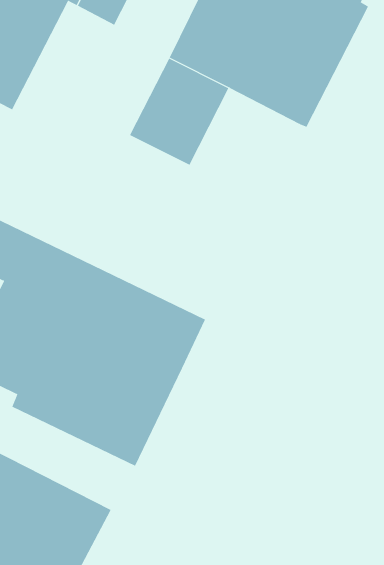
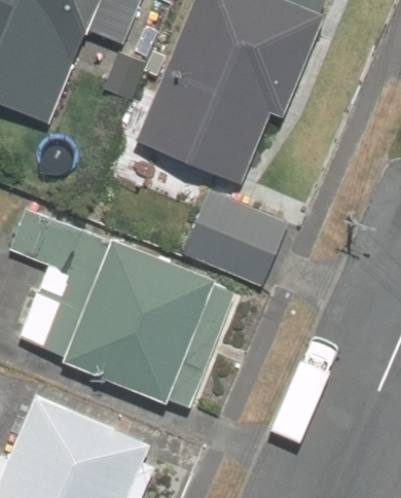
building: none -> [181,186,288,286]

